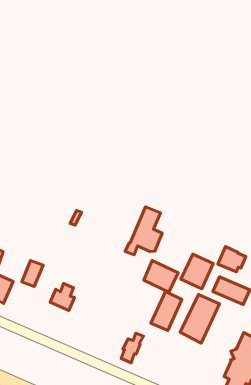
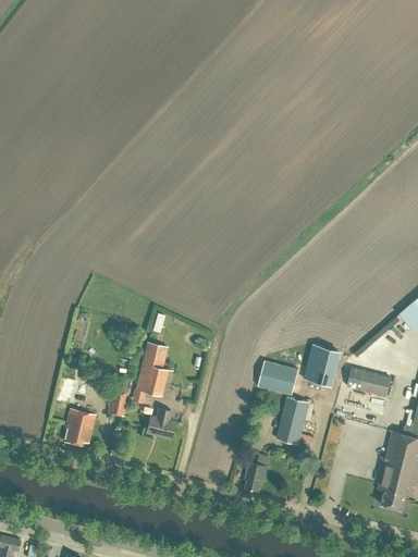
building: [125,207,162,255] -> [130,342,172,404]
building: [218,246,246,272] -> none
building: [180,294,219,343] -> none

